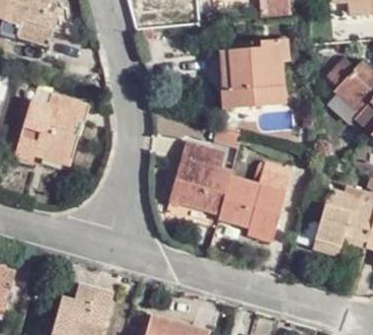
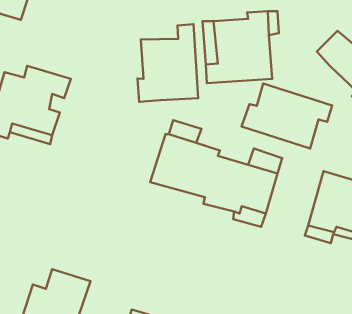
building: none -> [138,24,198,102]
building: none -> [241,83,332,149]

